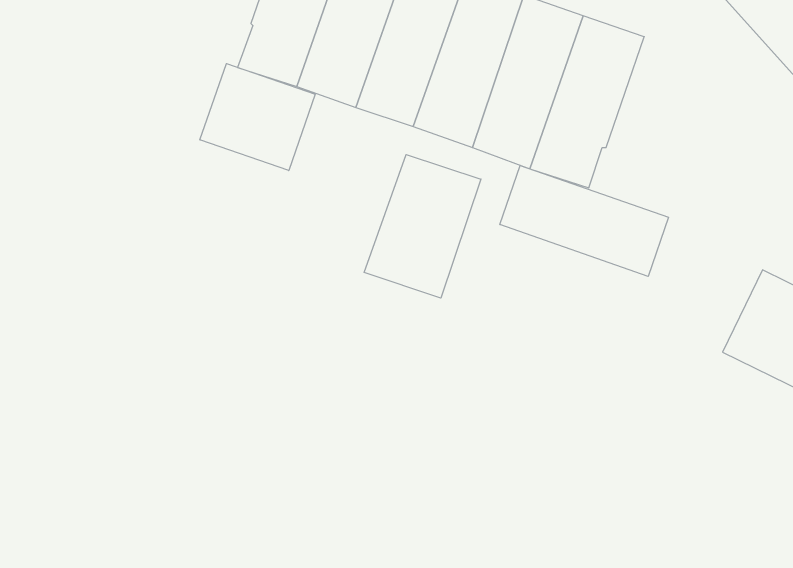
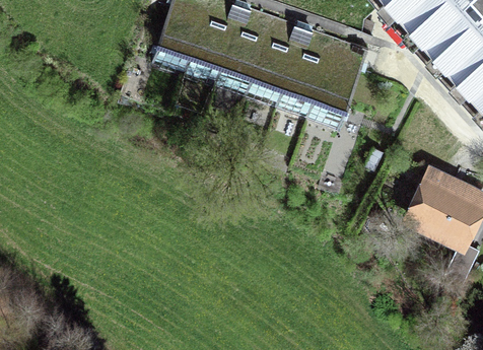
building: [200,64,315,171] -> none
building: [364,155,481,298] -> none
building: [500,165,668,276] -> none

